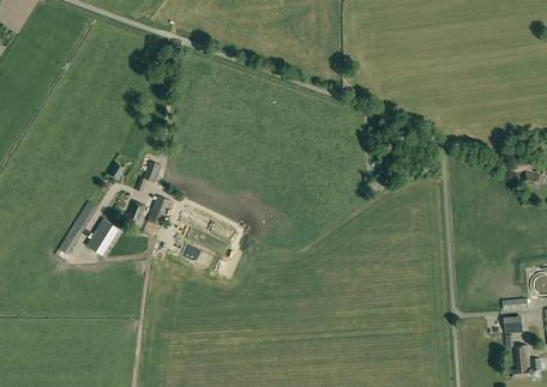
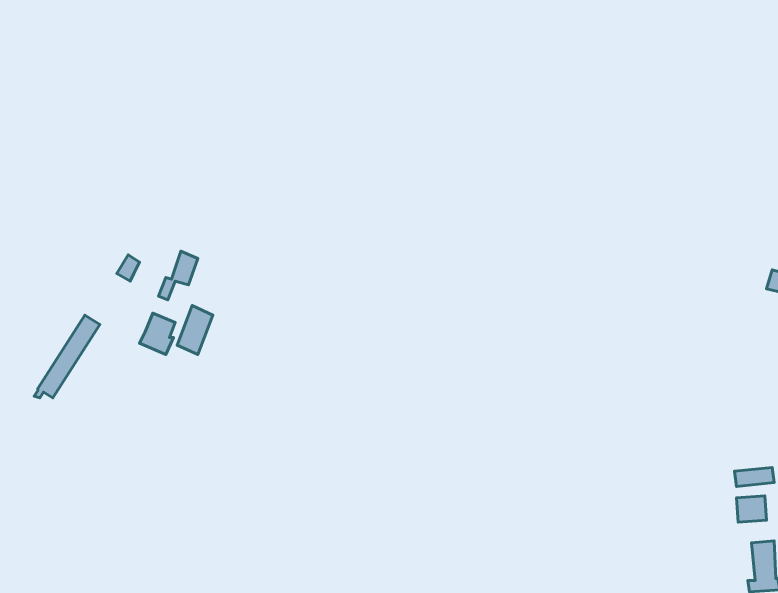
building: [86,223,119,259] -> none

